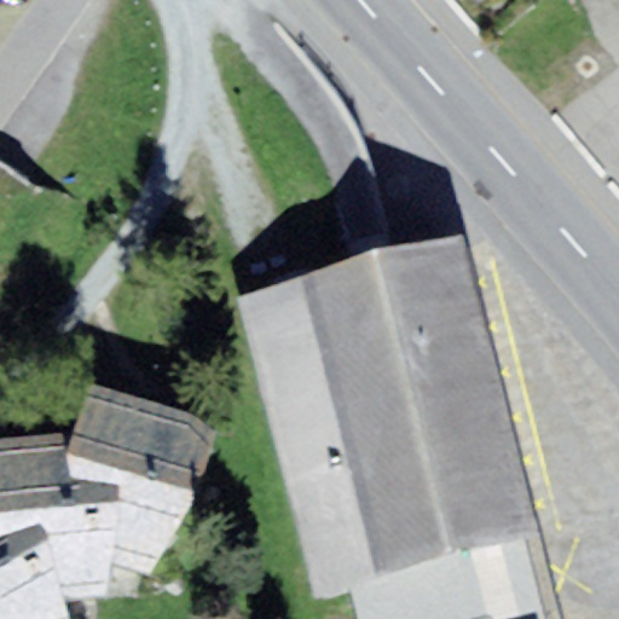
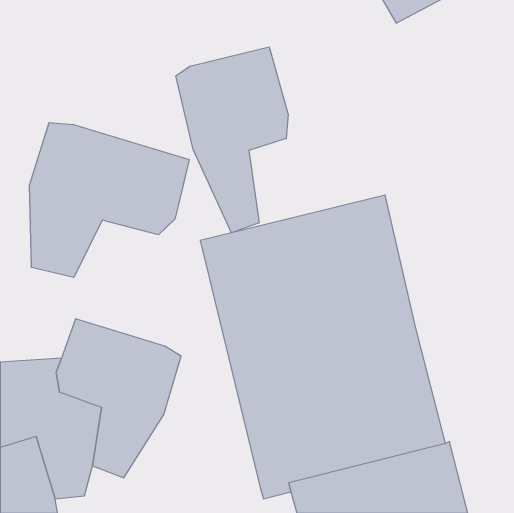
building: none -> [176,47,288,233]
building: none -> [29,123,189,277]

